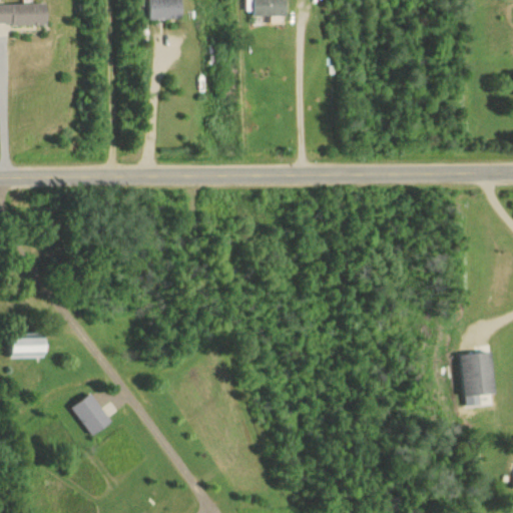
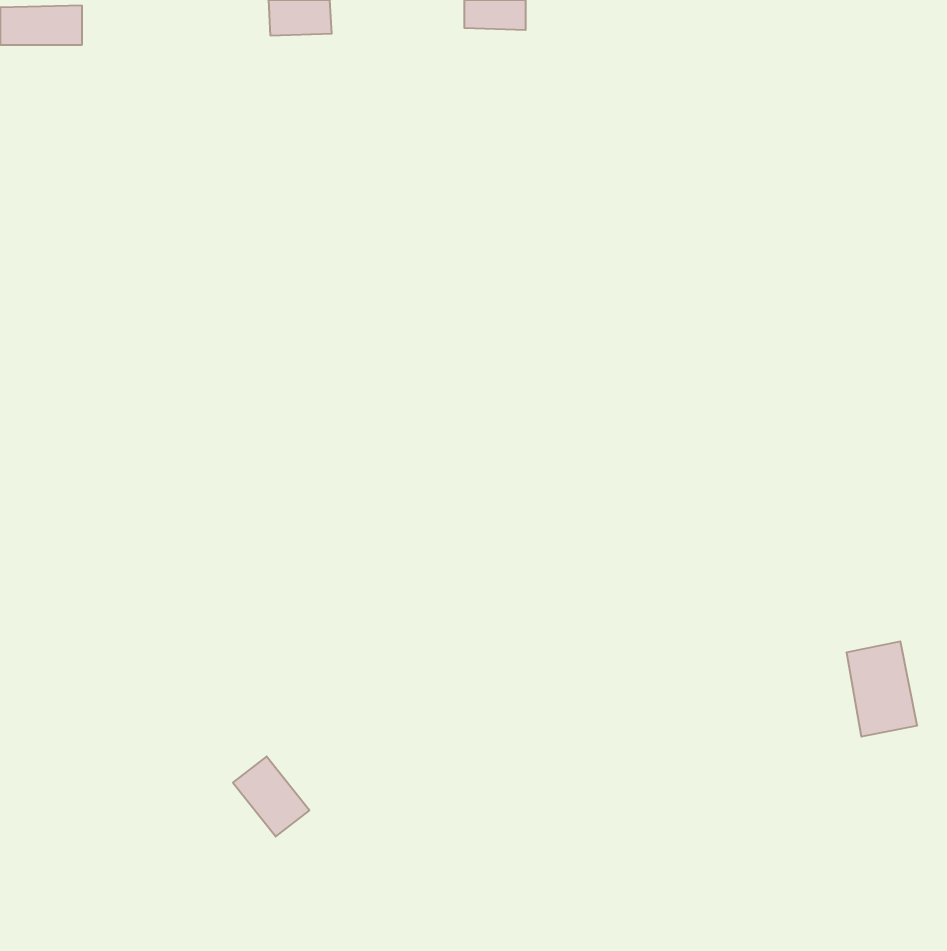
building: [13,338,47,358] -> none
building: [70,390,111,433] -> [233,756,309,837]

